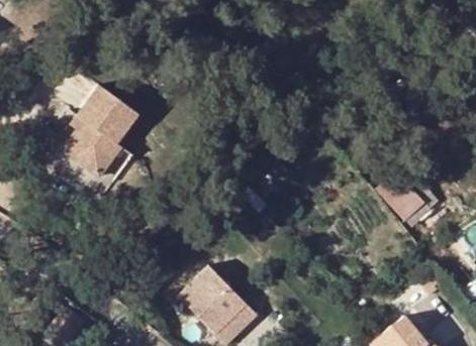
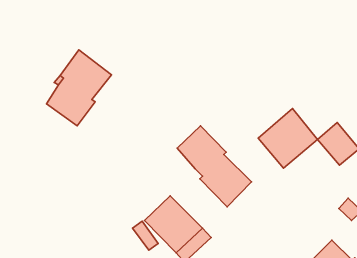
building: none -> [258,108,317,168]
building: none -> [177,126,252,207]

